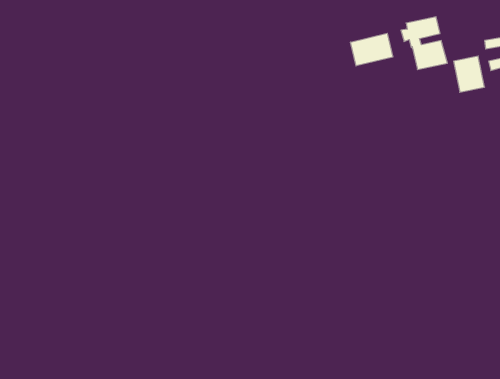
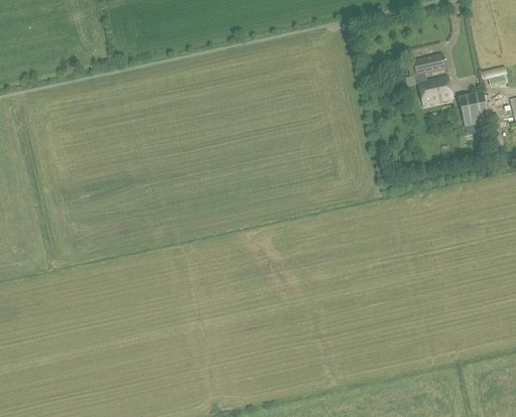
building: [351,33,393,66] -> none

